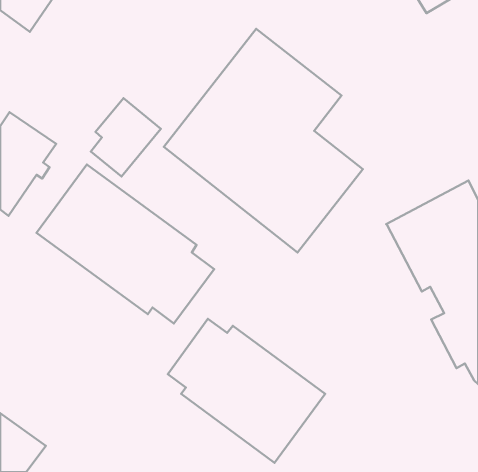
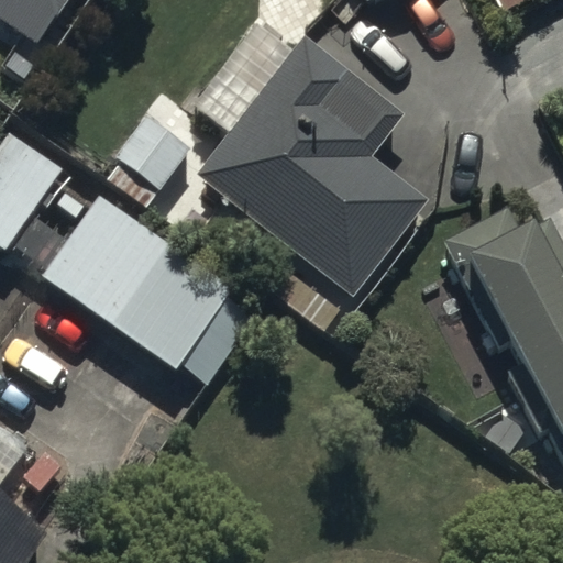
building: [168,319,325,463] -> none

